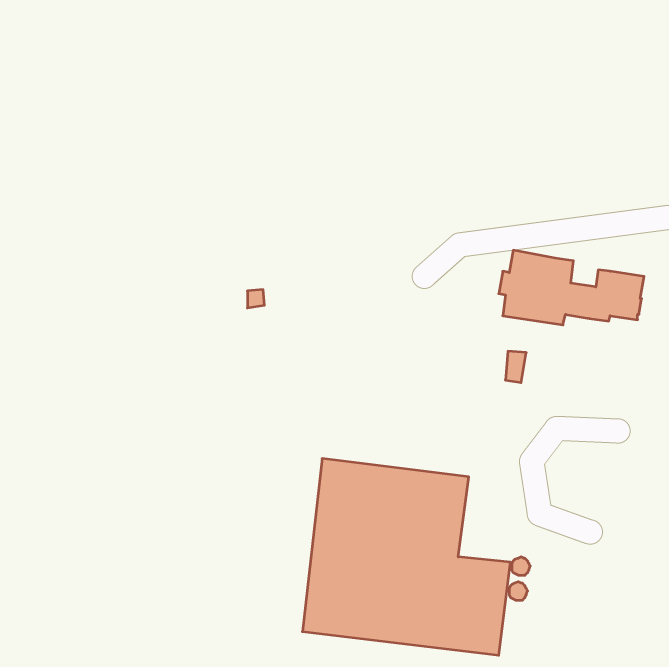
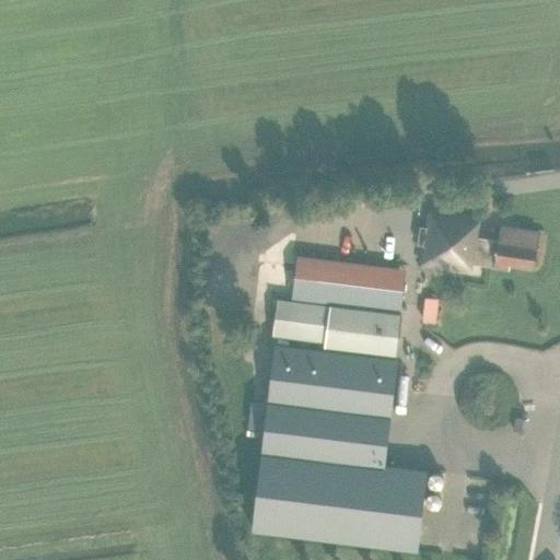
building: none -> [271,266,404,398]

